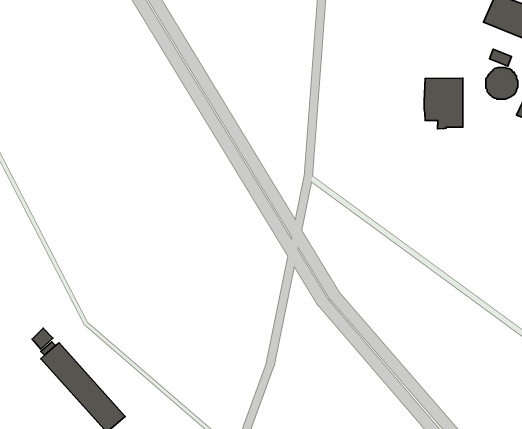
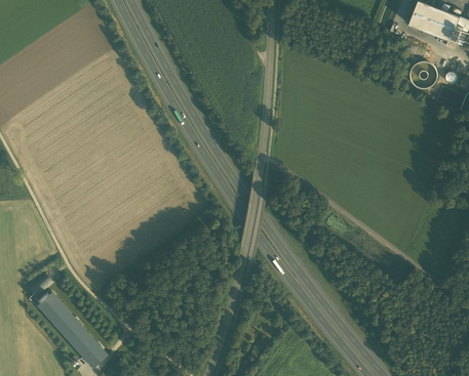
building: [424,78,463,129] -> none

